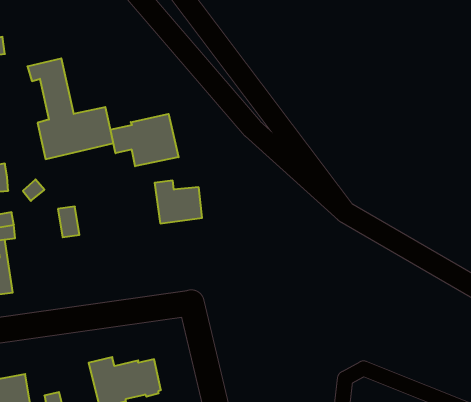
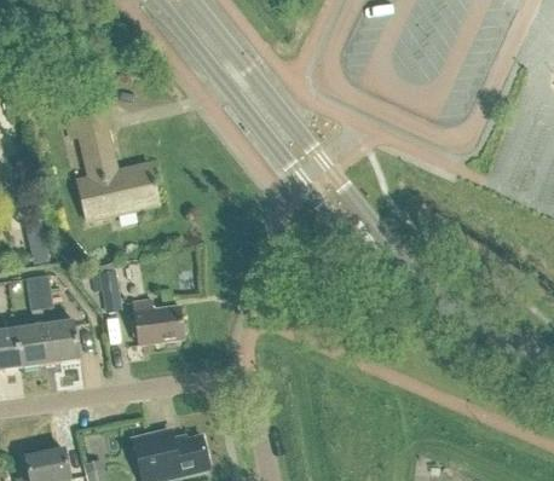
building: [110,114,179,166] -> none
building: [155,181,202,223] -> [132,297,183,343]
building: none -> [44,318,79,361]

